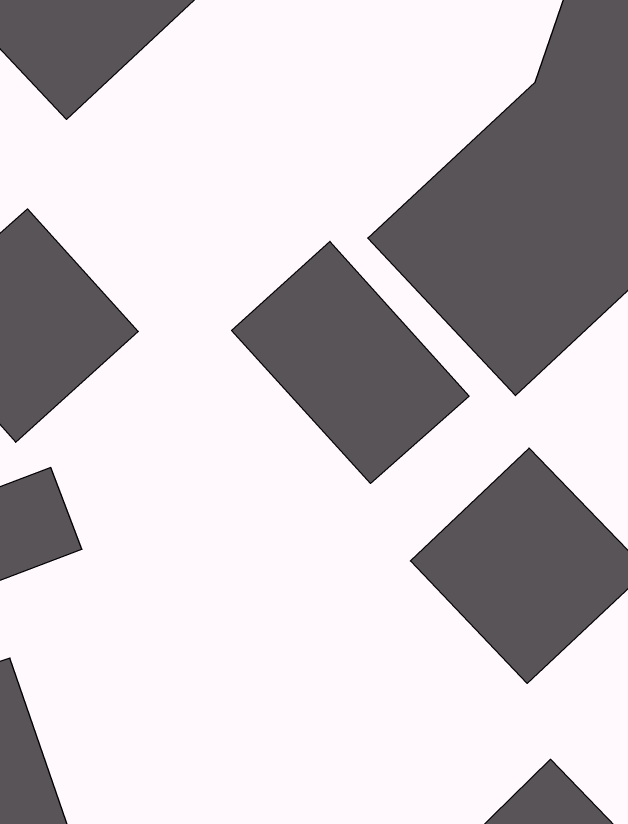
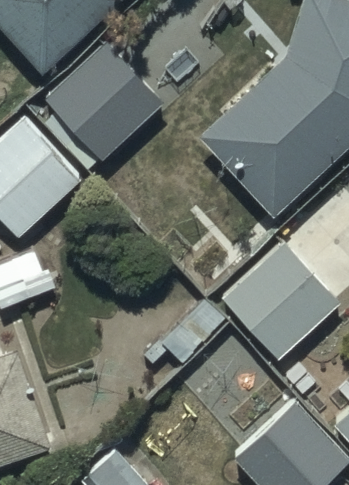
building: none -> [42,40,165,163]
building: [232,241,469,483] -> none

